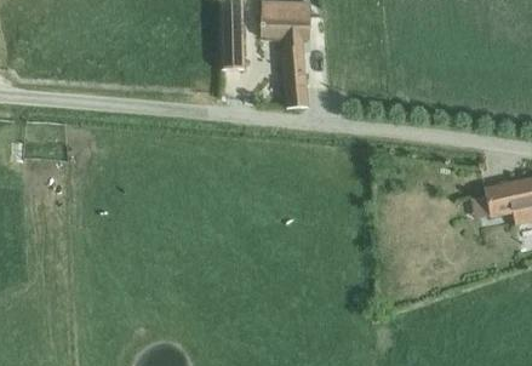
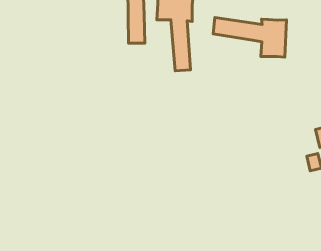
building: none -> [213,18,287,57]

